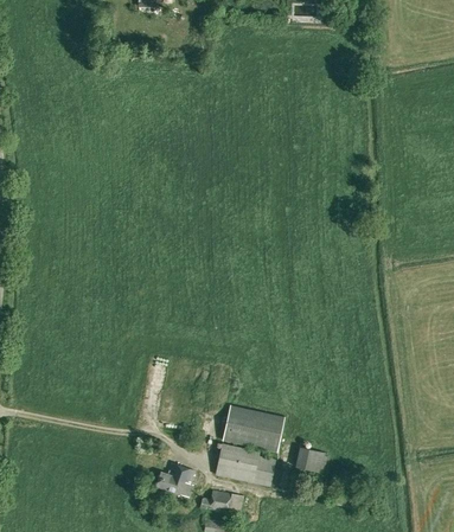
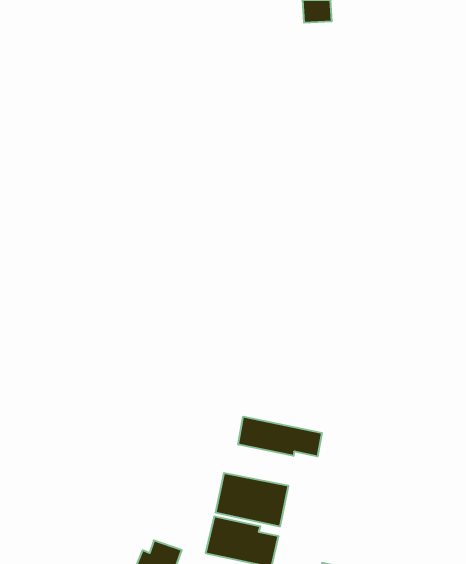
building: none -> [238,417,322,456]
building: [295,447,327,472] -> none

